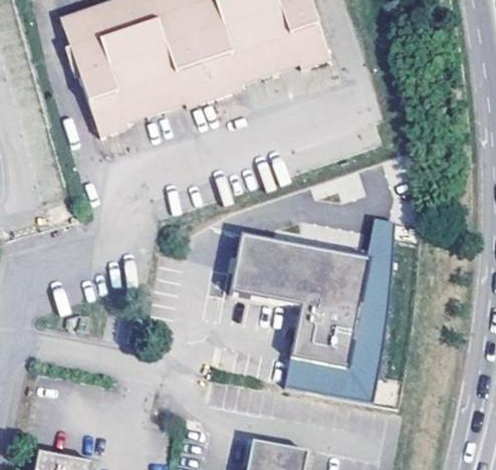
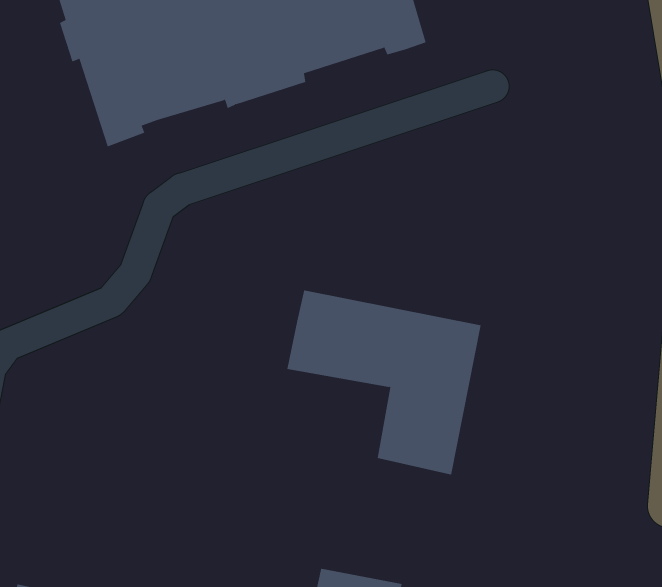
building: [285,224,395,405] -> none

